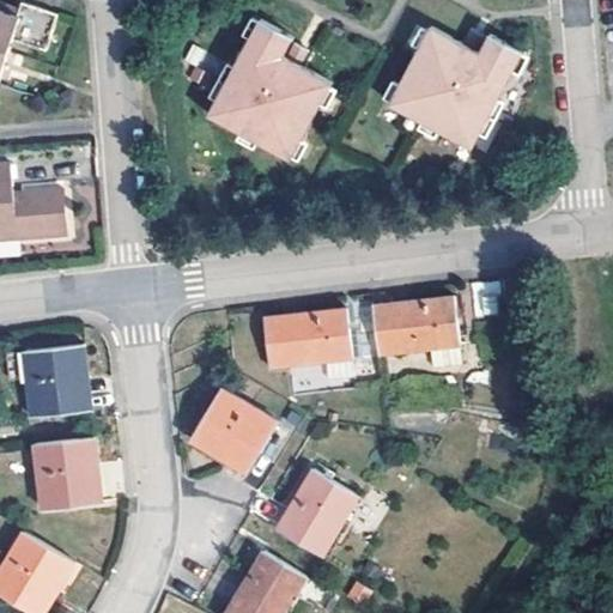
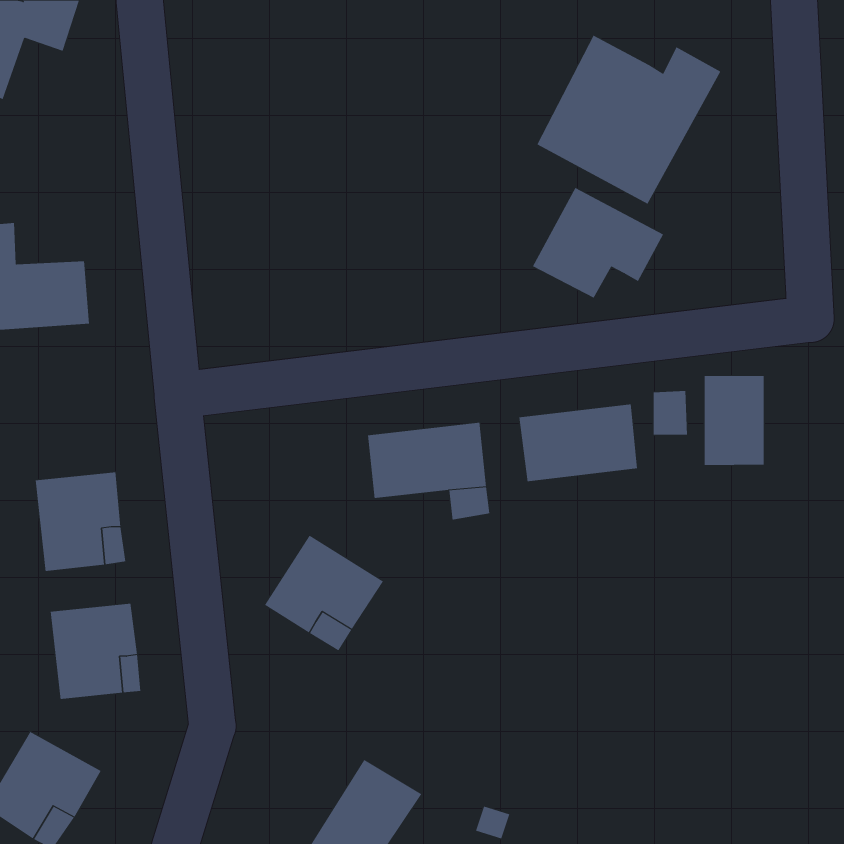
building: [205,23,328,163] -> none
building: none -> [532,187,664,299]
building: none -> [704,375,764,466]
building: [274,467,356,554] -> none

